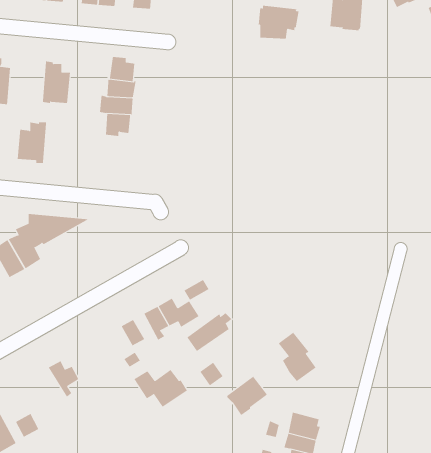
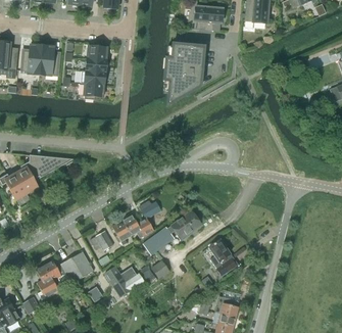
building: none -> [163,43,204,105]
building: [17,122,47,163] -> [20,45,42,75]
building: none -> [61,251,93,283]
building: none -> [36,265,61,298]
building: [226,376,268,416] -> [172,210,201,239]

